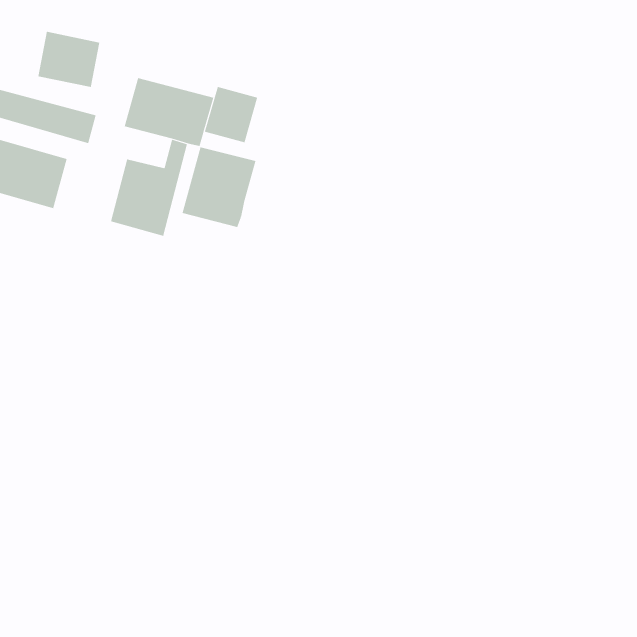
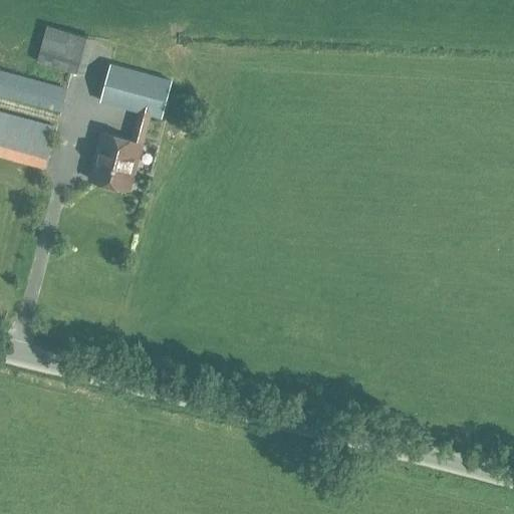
building: [204,86,258,143] -> none
building: [182,146,256,228] -> none

